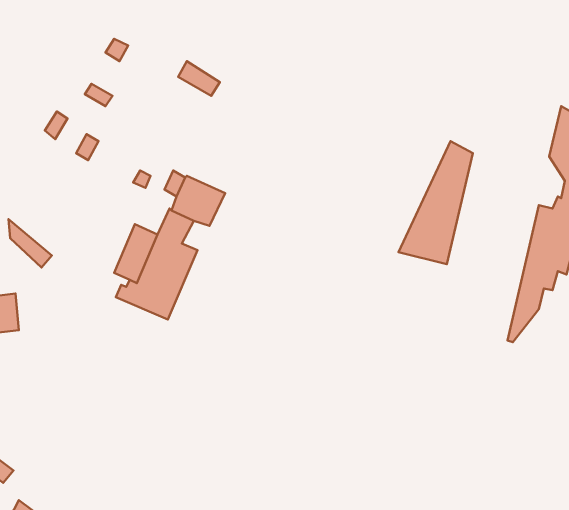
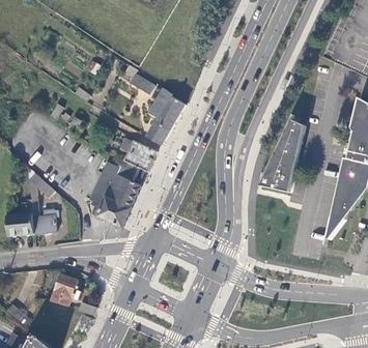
building: none -> [144,86,182,145]
building: none -> [28,191,58,233]
building: none -> [46,270,78,306]

